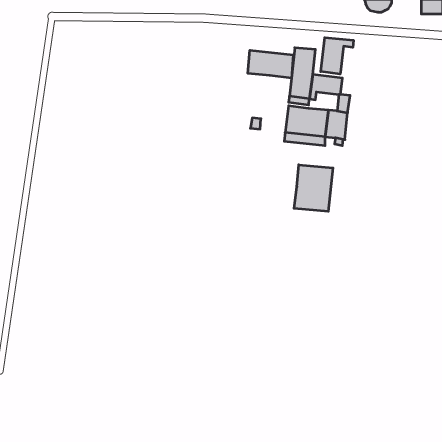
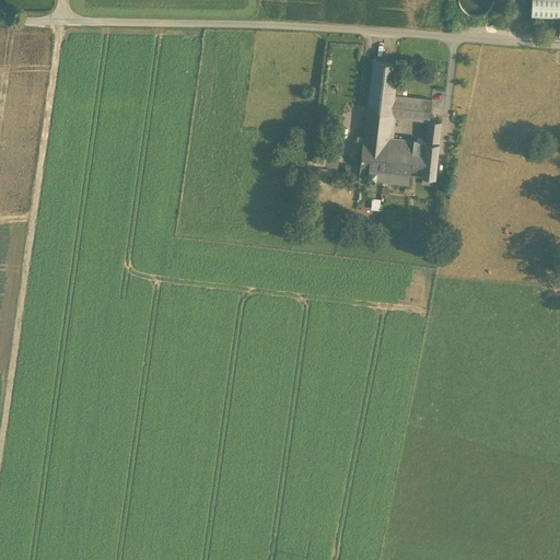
building: [321,38,353,74] -> none
building: [248,50,293,78] -> none
building: [294,165,333,211] -> none

